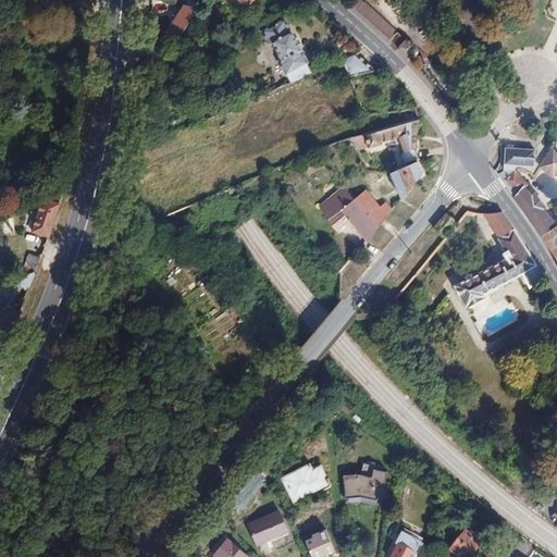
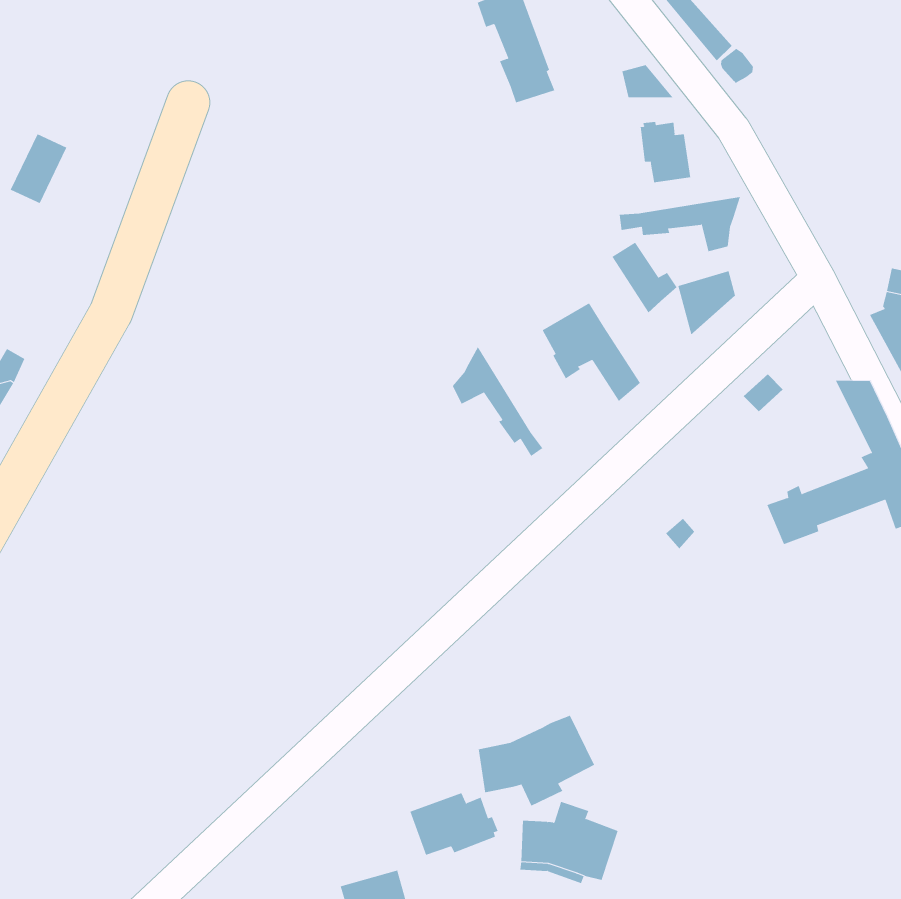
building: none -> [640,121,691,183]
building: [352,189,391,227] -> [612,242,677,313]
building: [30,198,59,236] -> [10,134,67,204]
building: none -> [452,346,543,457]
building: none -> [478,715,595,807]

